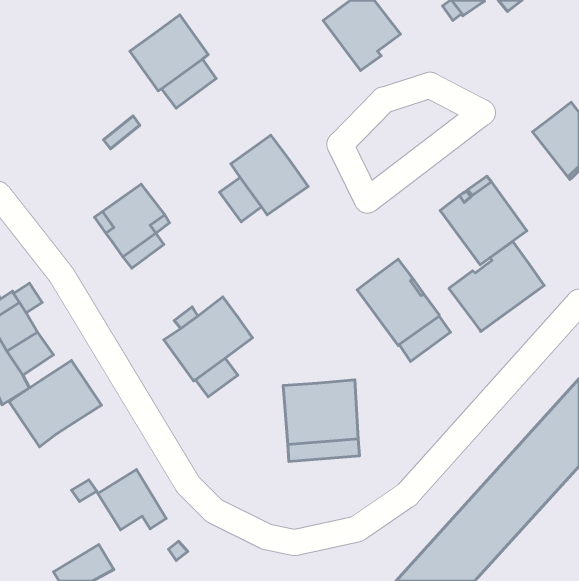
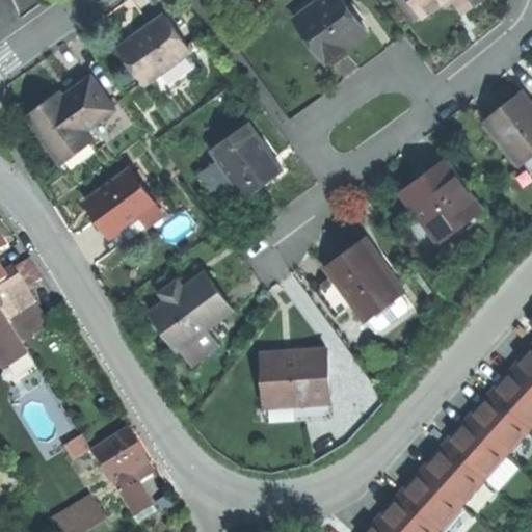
building: none -> [28,77,114,162]
building: [449,242,544,332] -> none
building: [9,360,102,447] -> none
building: none -> [110,472,150,515]

